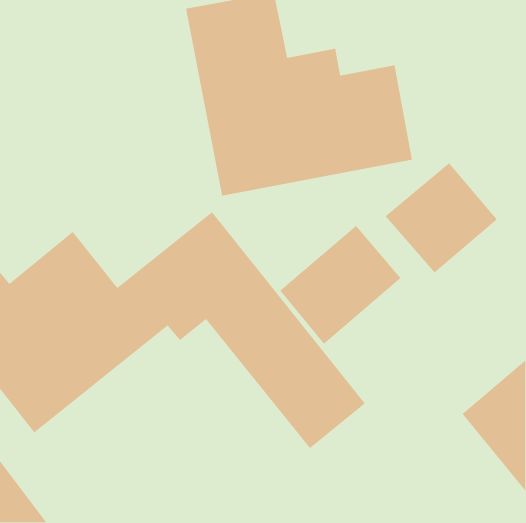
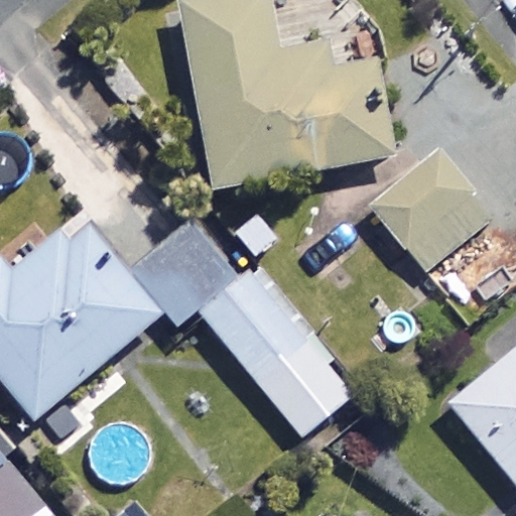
building: [279,225,401,345] -> none

